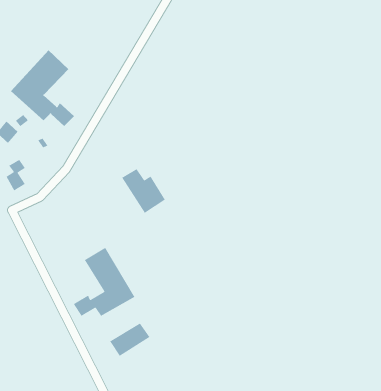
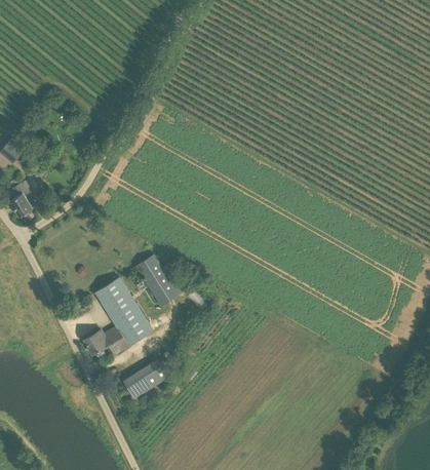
building: [10,50,75,127] -> none
building: [121,168,166,214] -> [135,256,185,306]

